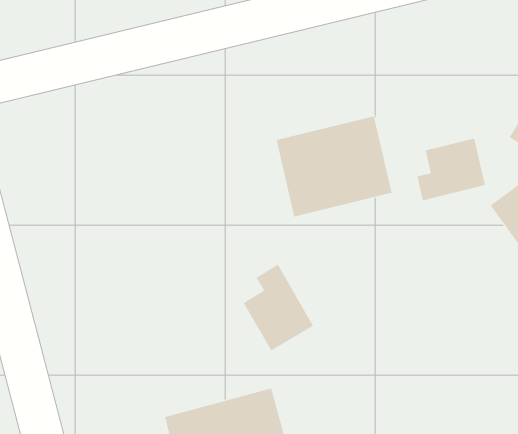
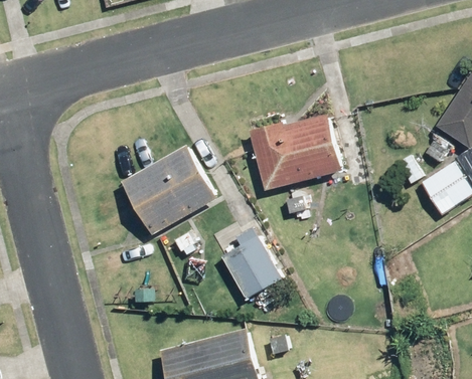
building: [417,138,486,201] -> none
building: none -> [124,145,216,232]

